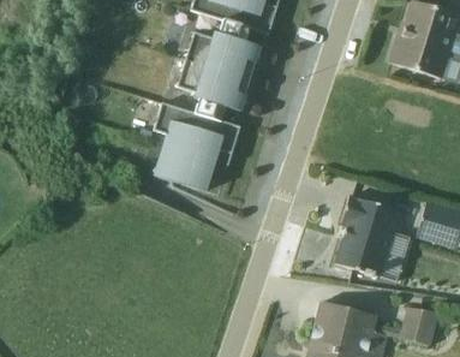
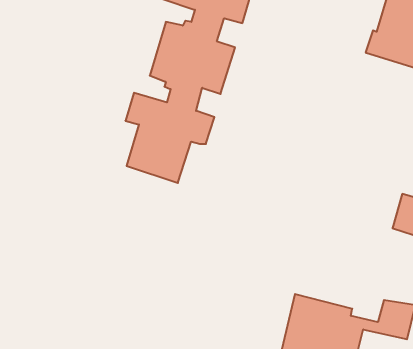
building: [334,196,410,281] -> none

